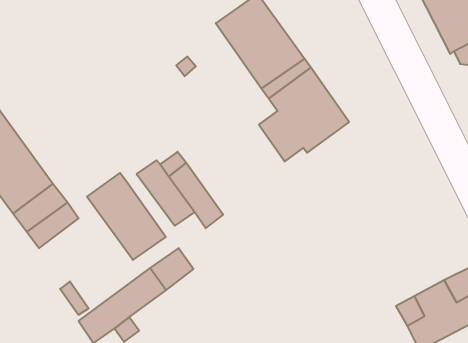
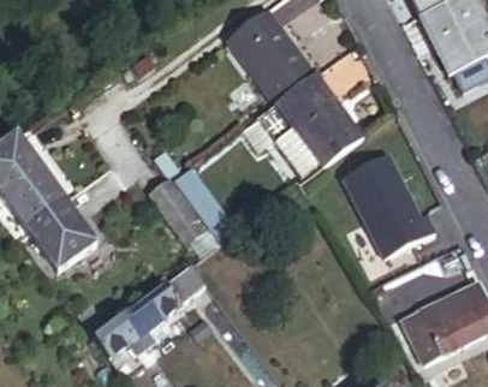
building: none -> [339,148,430,256]
building: [87,173,166,260] -> none

